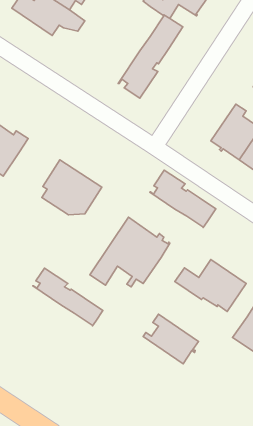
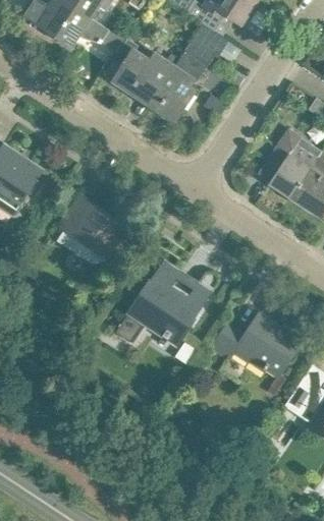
building: none -> [112,44,173,105]
building: [150,170,216,228] -> none
building: [33,268,103,326] -> none
building: [143,314,198,364] -> none

